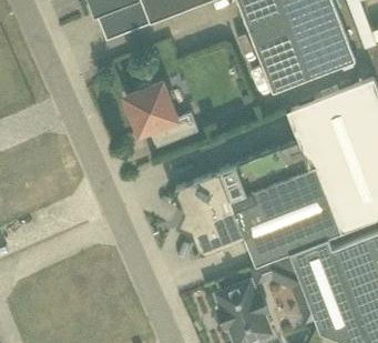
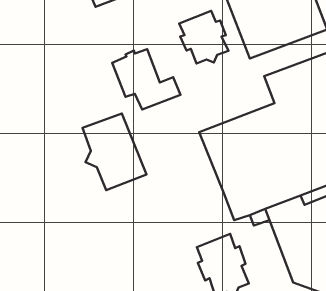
building: none -> [179,11,228,64]
building: [176,172,245,254] -> [83,113,147,190]

